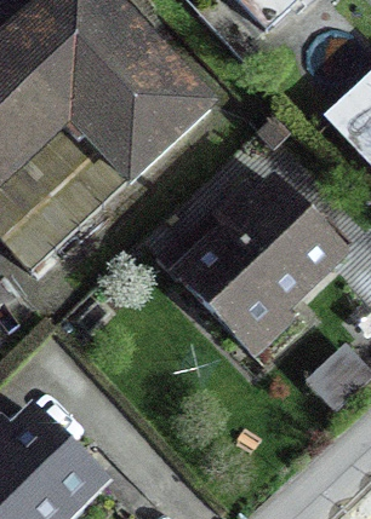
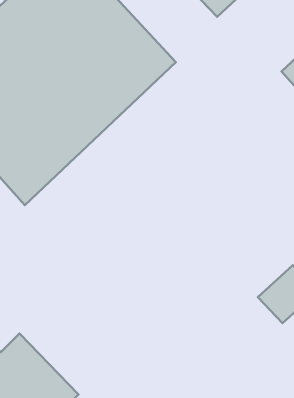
building: [183,179,344,334] -> none

